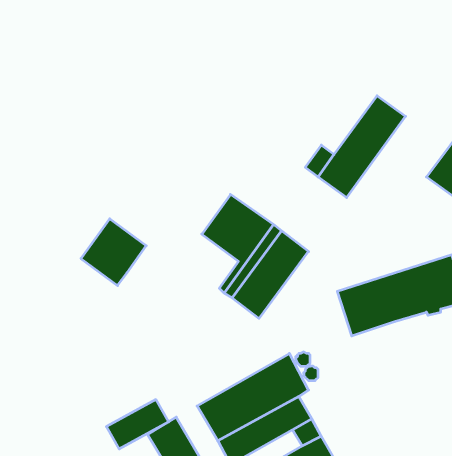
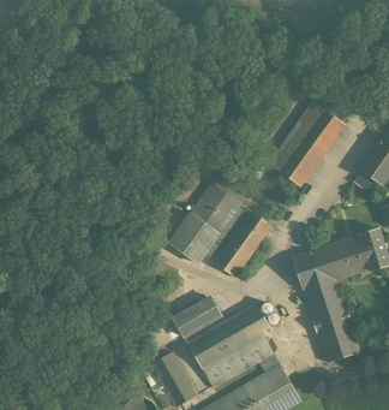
building: [81,219,146,286] -> [169,213,219,263]
building: none -> [304,279,359,362]
building: [106,400,169,449] -> [174,298,221,335]

